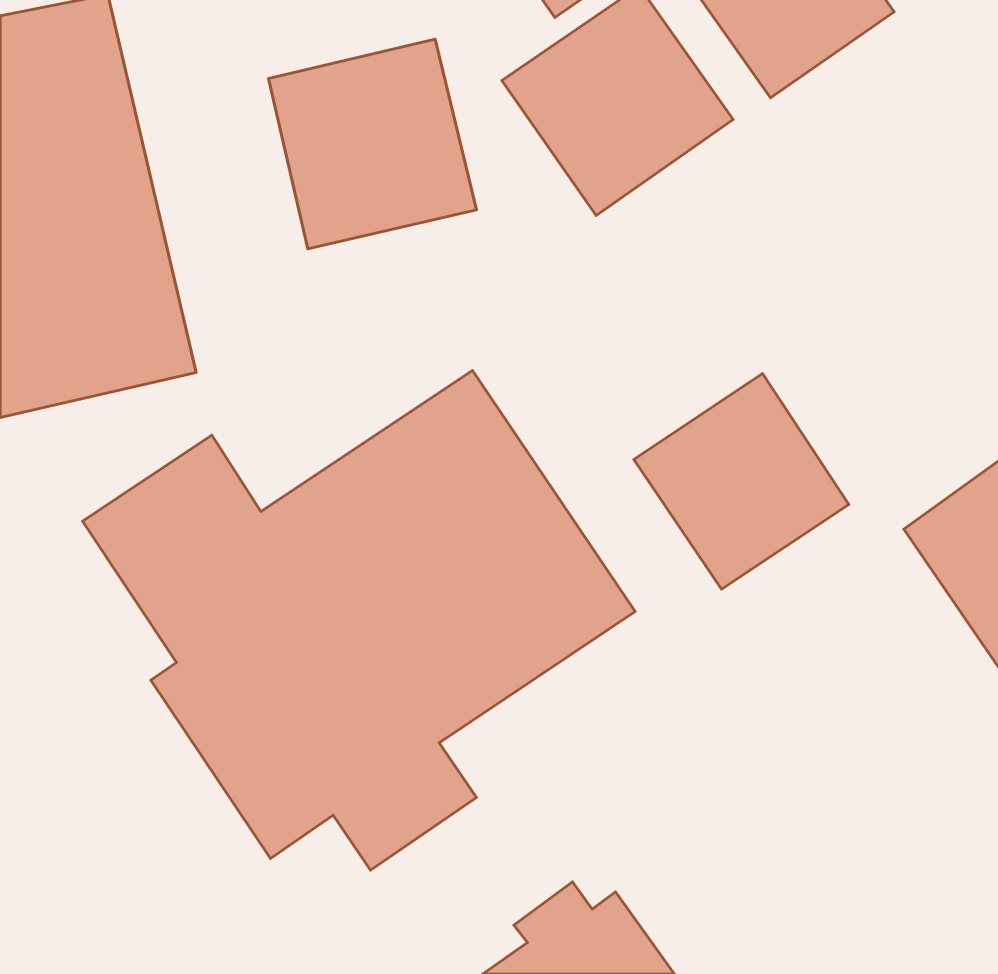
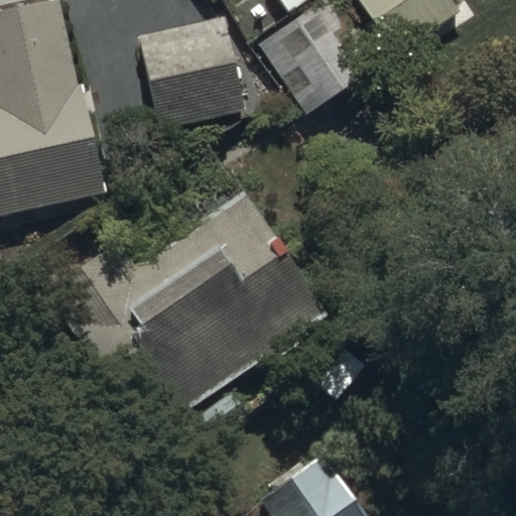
building: [634,373,849,589] -> none

